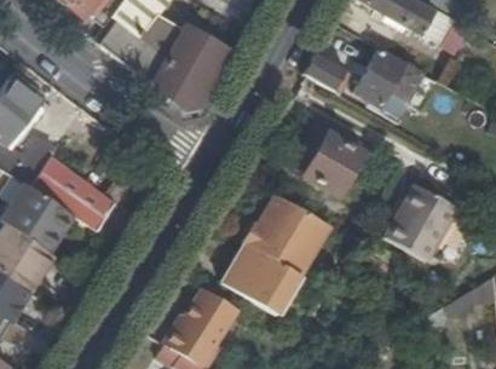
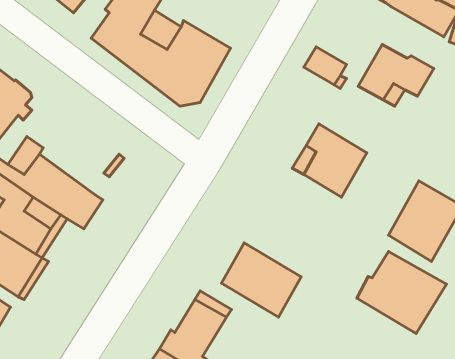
building: [246,197,331,276] -> [357,251,447,333]

